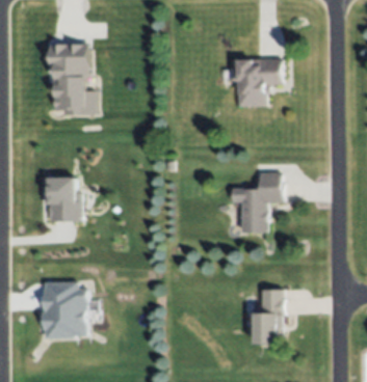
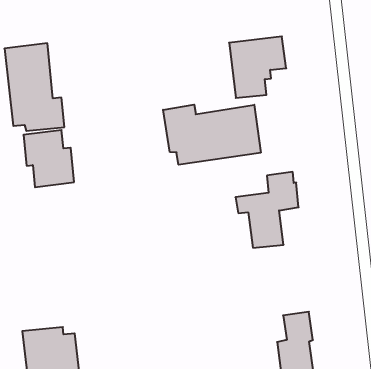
building: none -> [163,105,261,165]
building: [42,176,80,222] -> [23,130,74,187]

